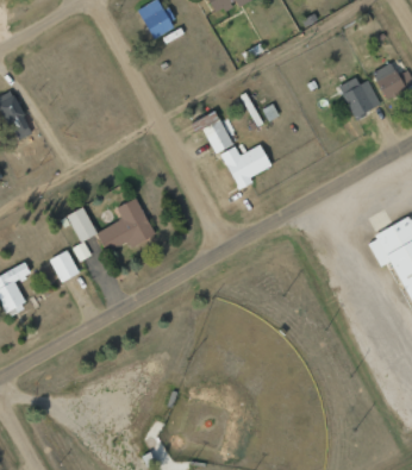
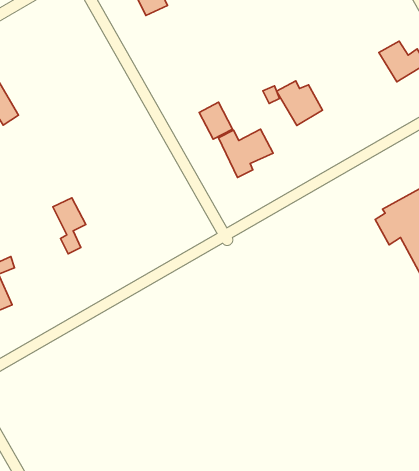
building: [337,77,380,119] -> [277,81,322,126]
building: [96,199,155,252] -> none
building: [49,250,80,283] -> none

